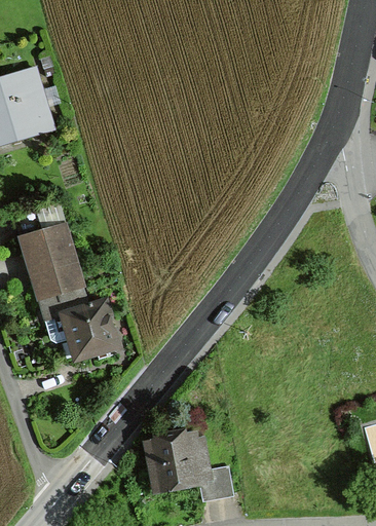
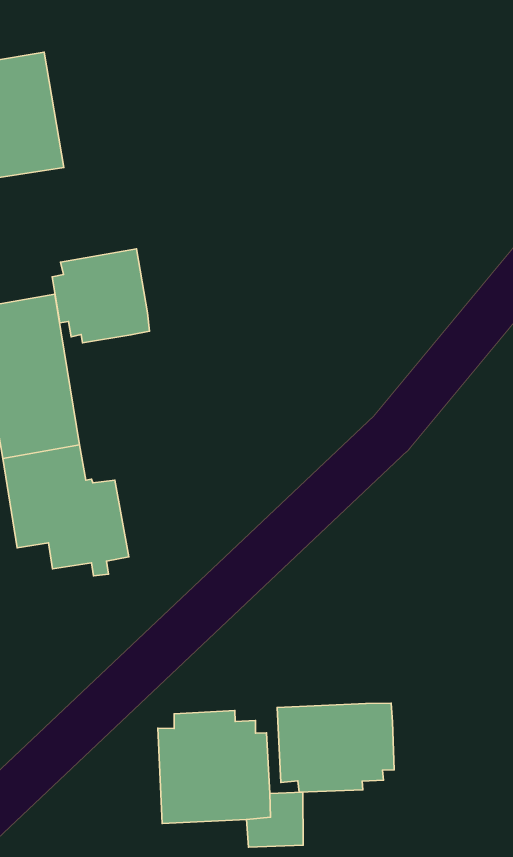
building: none -> [52,249,150,343]
building: none -> [277,703,394,792]

